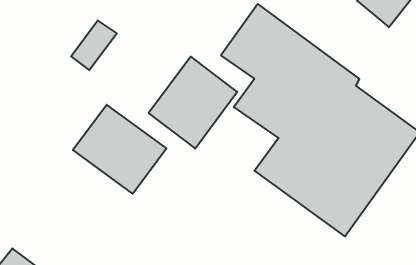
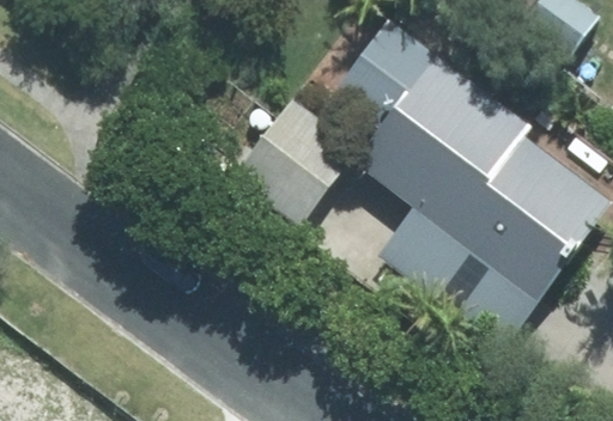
building: [73,105,166,194] -> none

